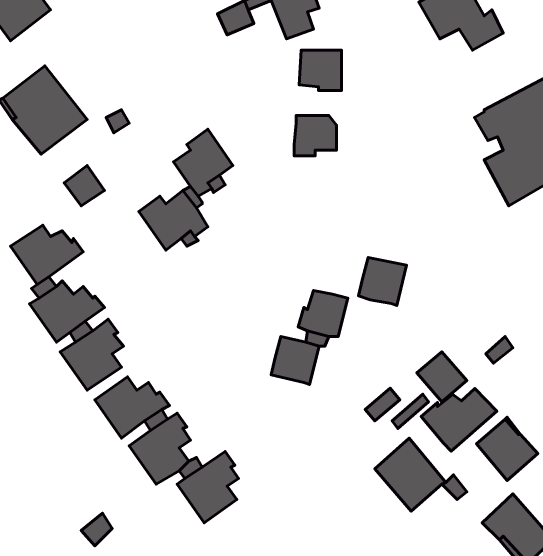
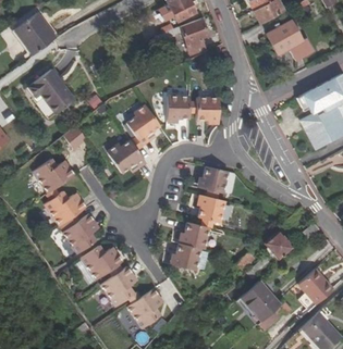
building: [299,50,342,91] -> [166,95,189,117]
building: [359,258,407,306] -> [200,166,228,194]
building: none -> [173,242,200,270]
building: [421,389,497,451] -> none

